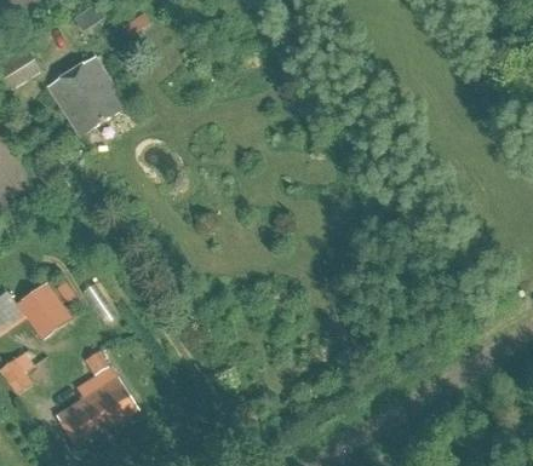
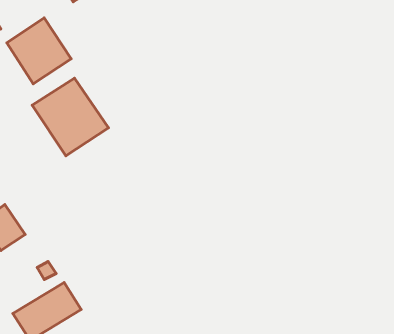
building: none -> [32,78,108,156]

